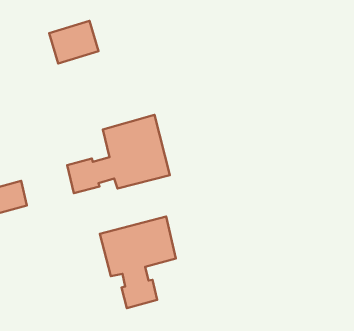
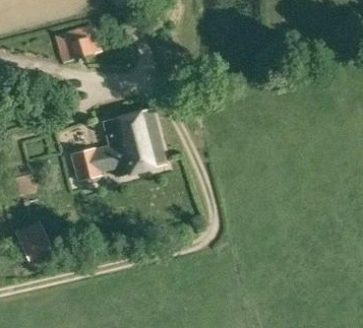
building: [100,216,176,308] -> none
building: none -> [19,227,51,258]

